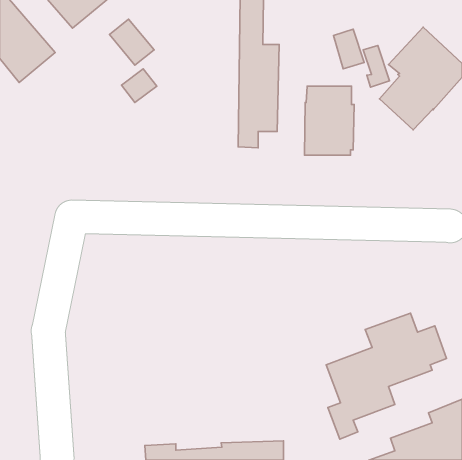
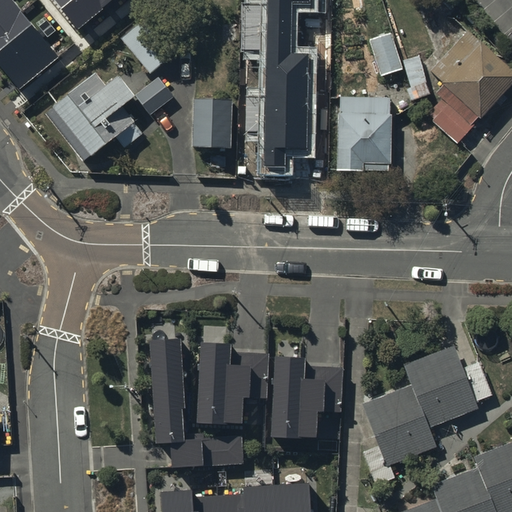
building: none -> [44,73,143,163]
building: none -> [191,98,231,147]
building: none -> [150,339,244,471]
building: none -> [200,344,268,427]
building: none -> [272,356,343,443]

